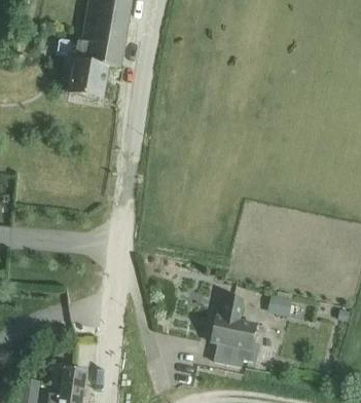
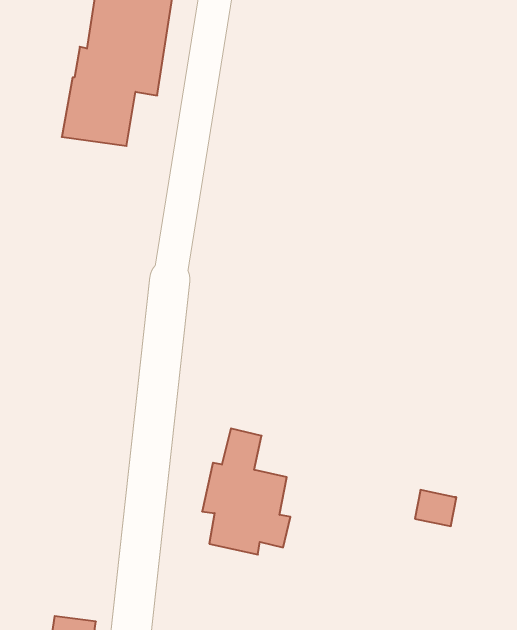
building: [209,295,259,367] -> [202,428,290,555]

